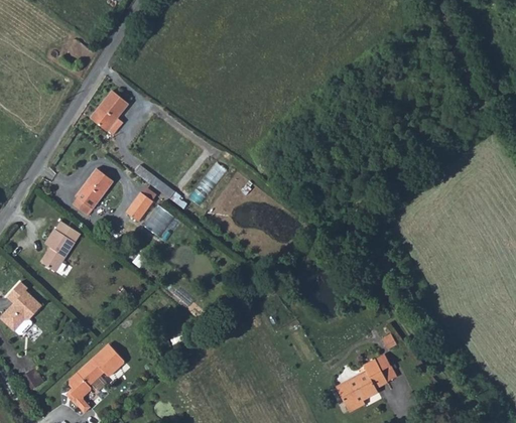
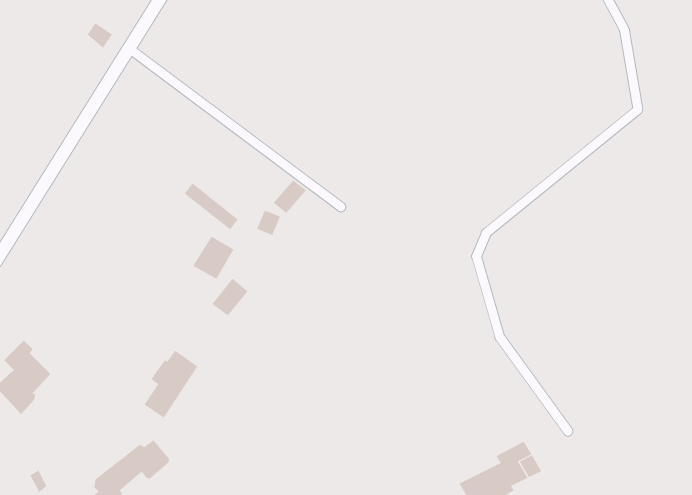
building: [92,88,126,126] -> none
building: [74,165,114,210] -> none
building: [127,190,154,219] -> [212,278,249,316]
building: [41,223,82,273] -> [144,350,198,418]

